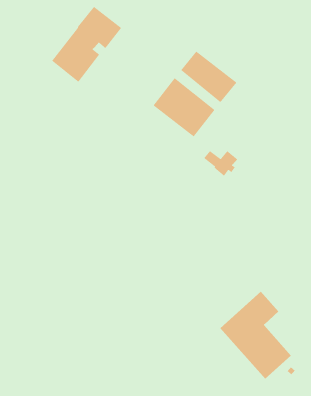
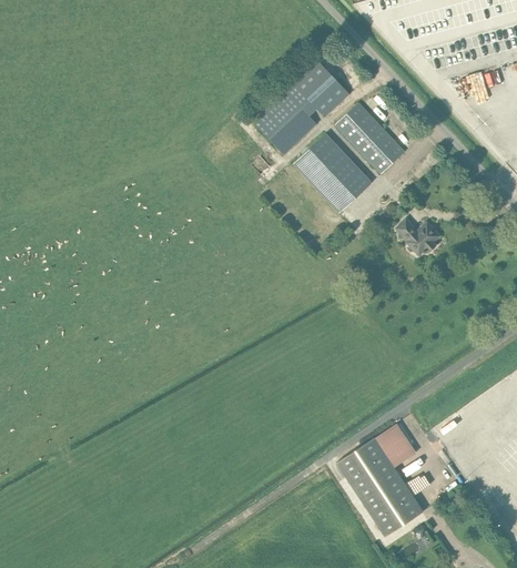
building: [51,6,122,83] -> [252,60,349,155]
building: [203,150,238,177] -> [395,219,439,255]

